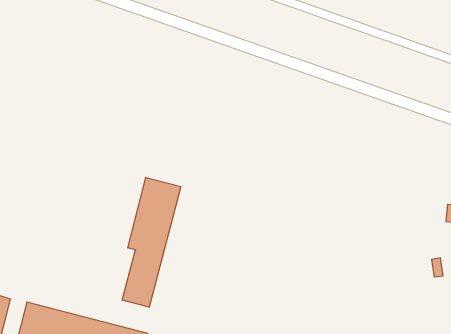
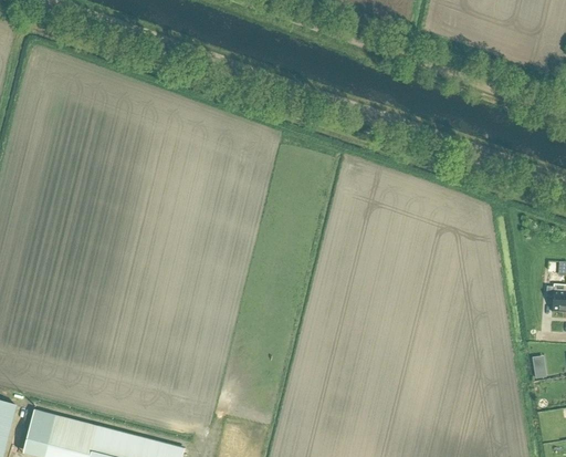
building: [122,177,181,307] -> none

